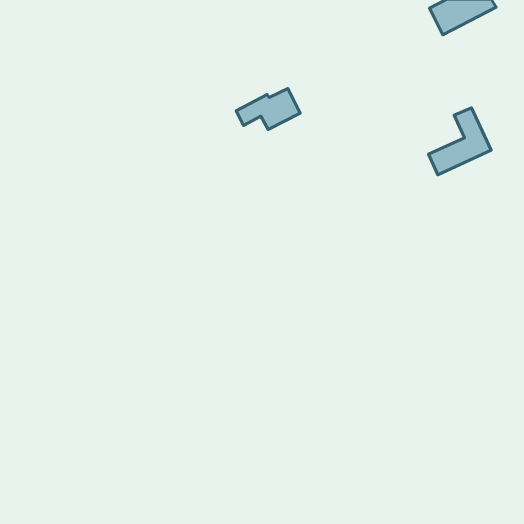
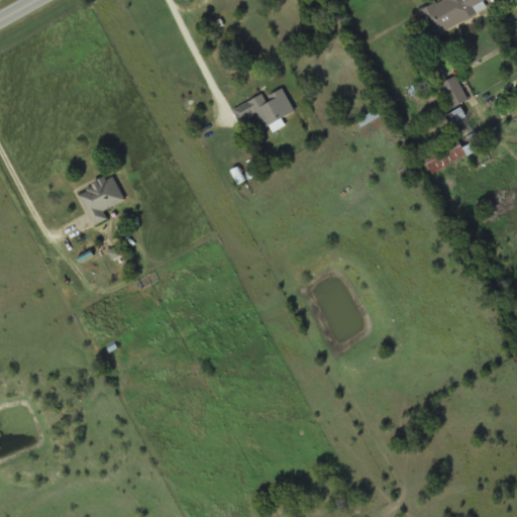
building: none -> [441,76,468,106]
building: none -> [77,175,124,225]

